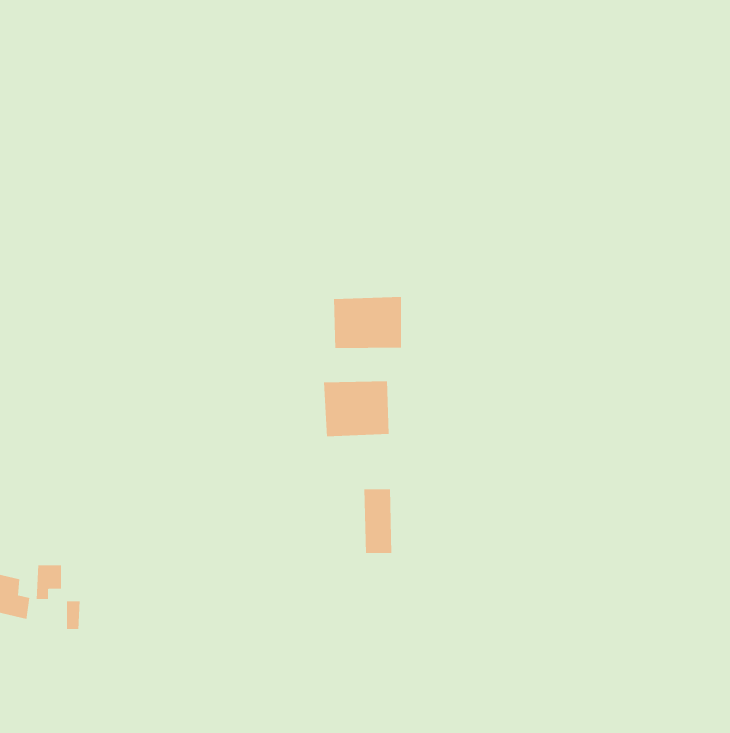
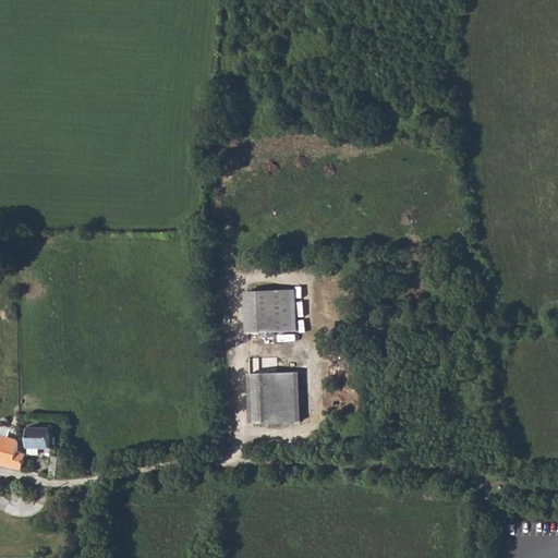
building: [334,296,402,349] -> none
building: none -> [248,372,277,422]

